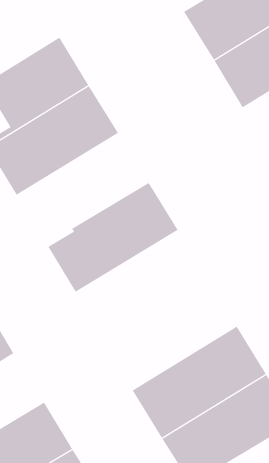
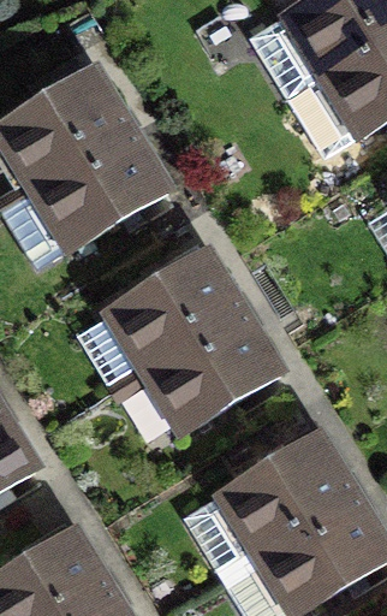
building: none -> [114,309,282,430]

